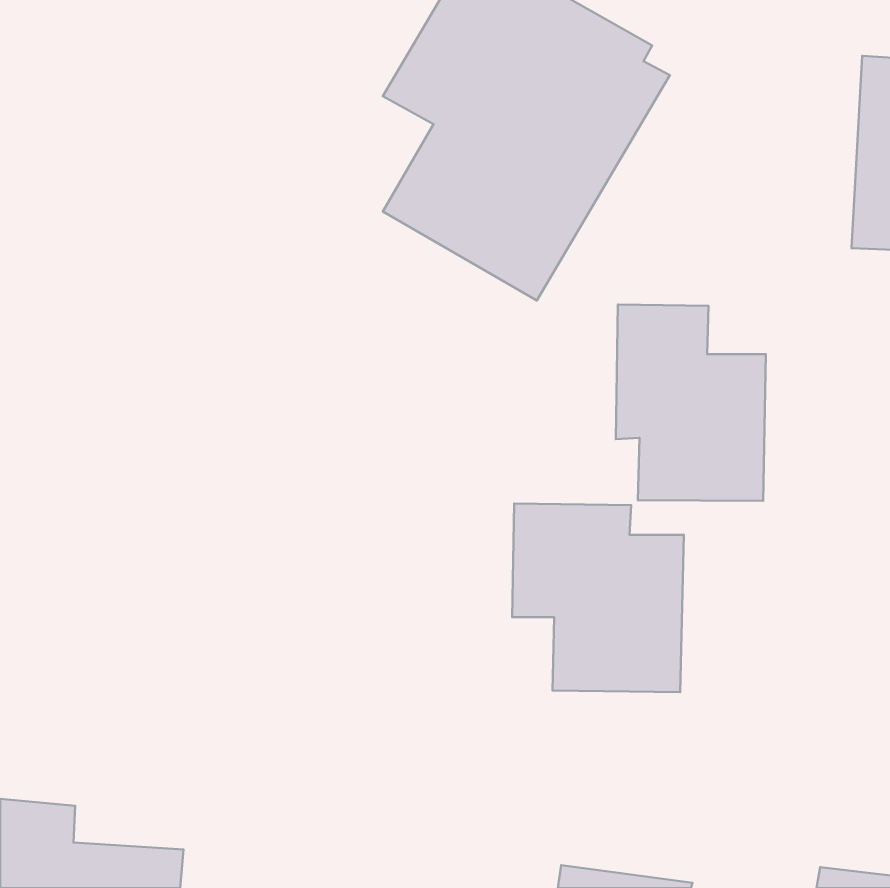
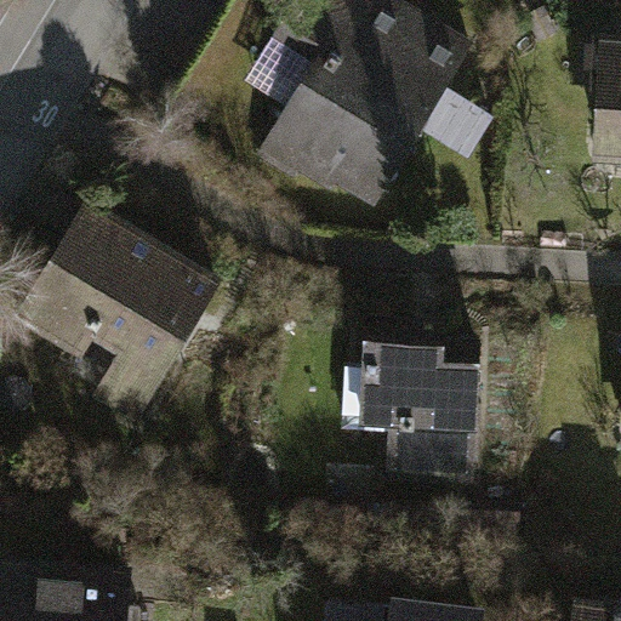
building: none -> [10,200,221,401]
building: [616,305,766,501] -> none

